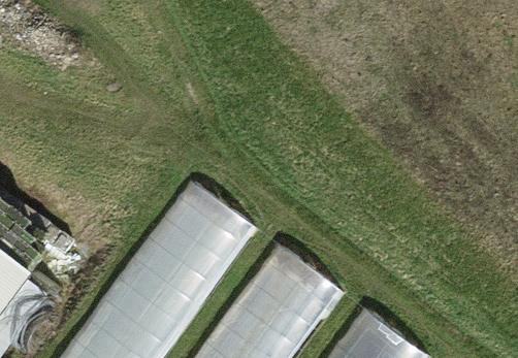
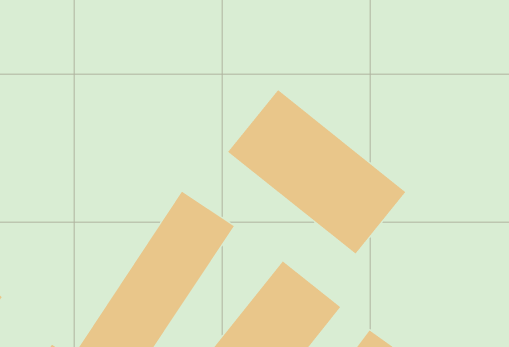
building: none -> [227,89,406,255]

